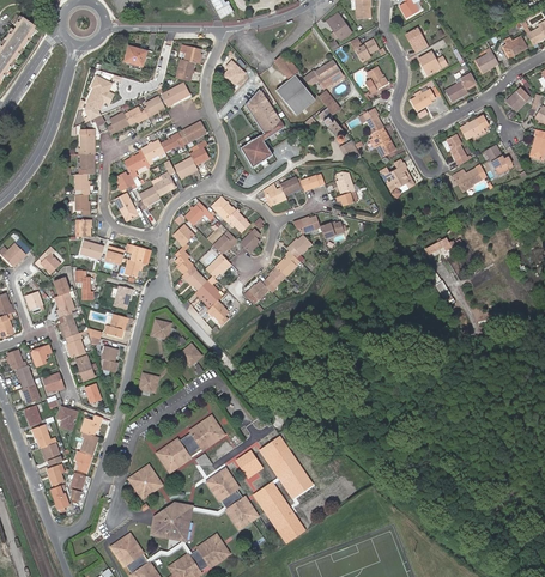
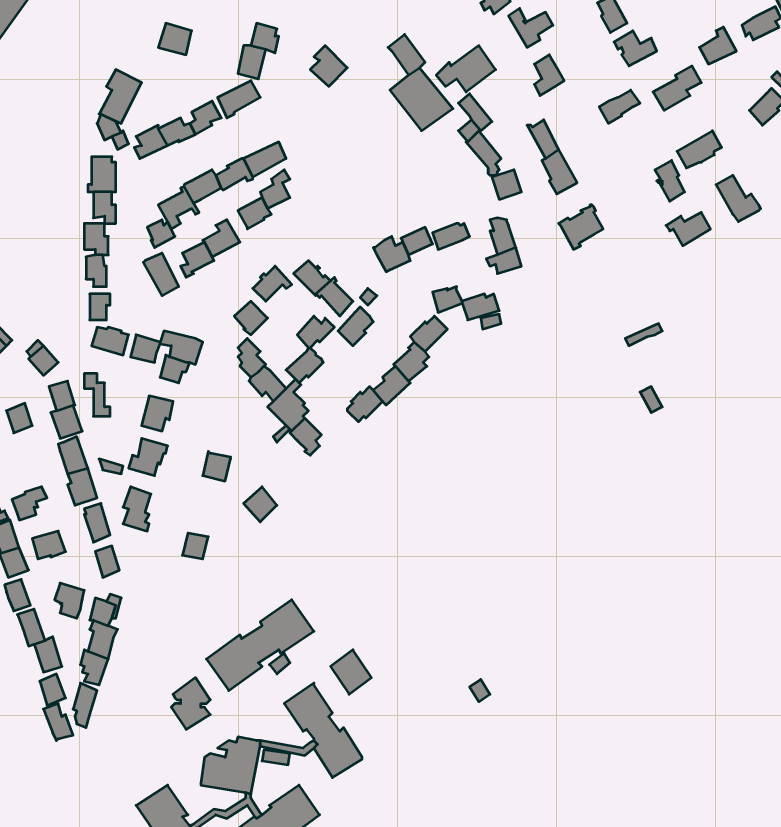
building: [240,90,284,169] -> none
building: [258,436,313,499] -> none
building: [252,481,305,545] -> none

